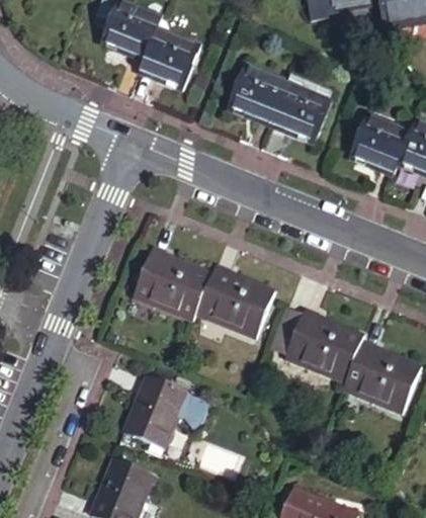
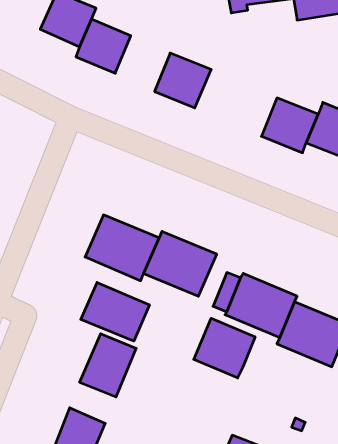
building: [256,84,317,144] -> none
building: none -> [81,282,149,341]
building: none -> [194,318,255,378]

